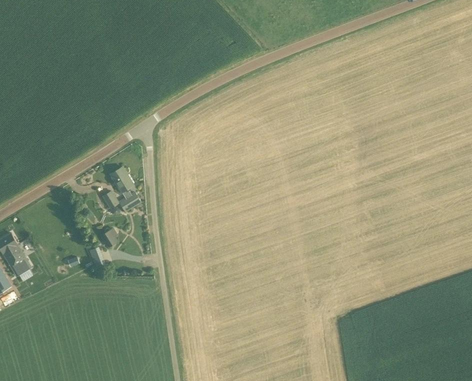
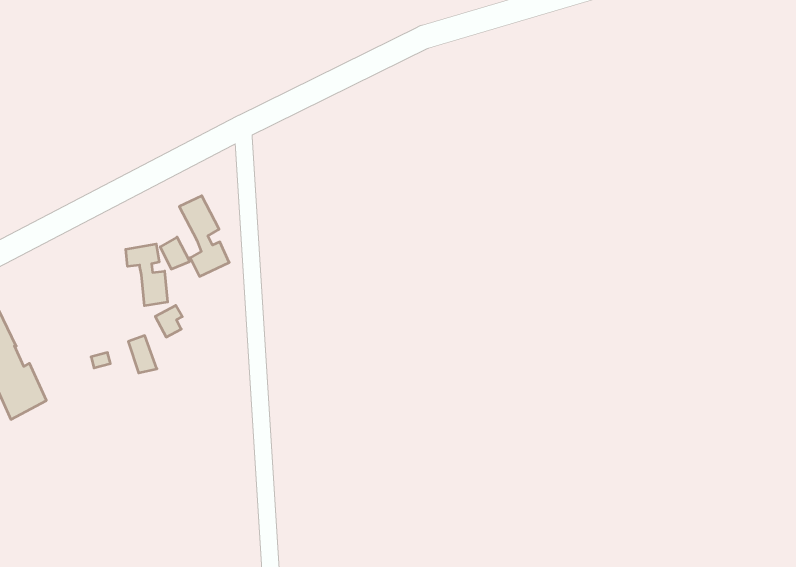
building: none -> [126,244,168,306]

